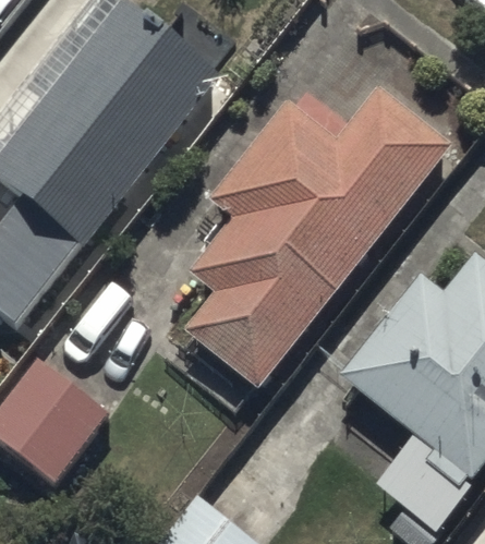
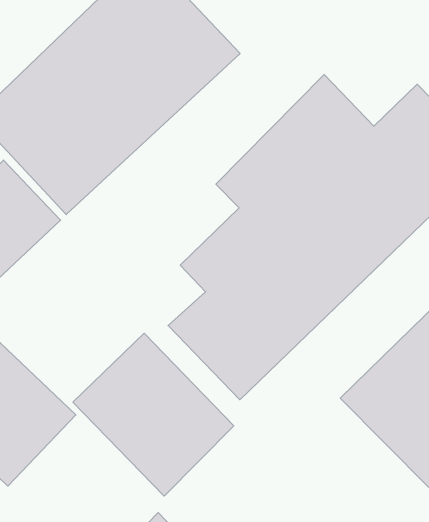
building: none -> [73,333,234,496]

